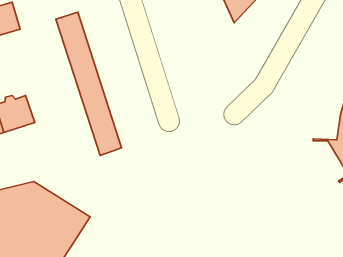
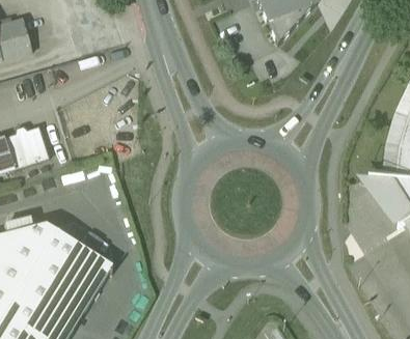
building: [56,12,121,155] -> none

